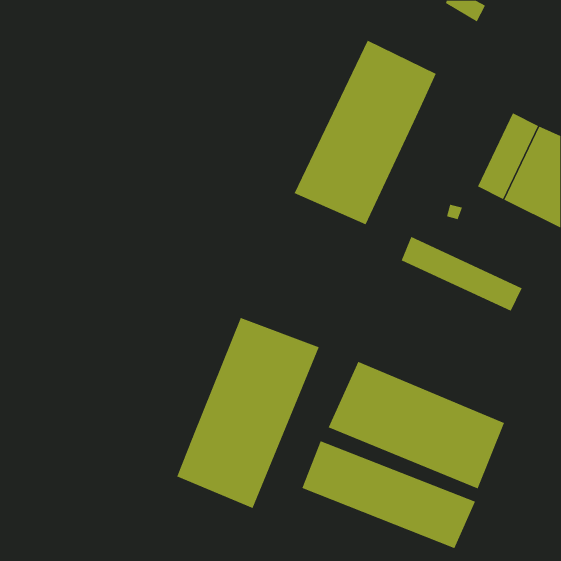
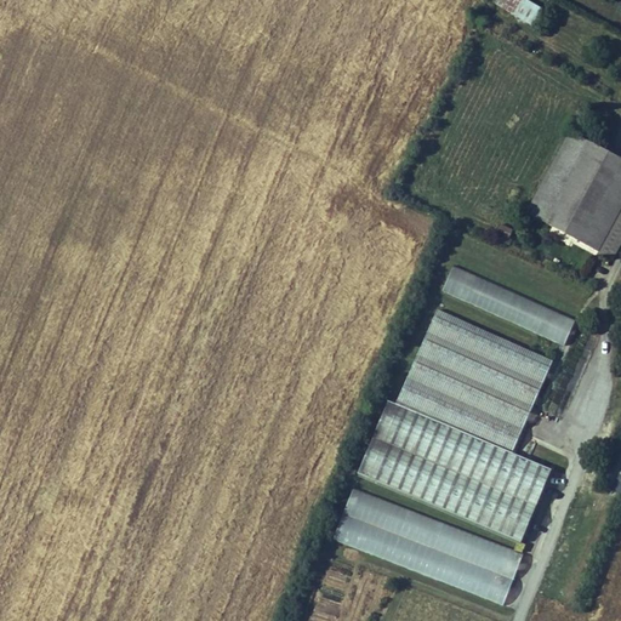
building: [294,40,437,225] -> none
building: none -> [399,309,554,444]
building: [176,317,319,509] -> none

